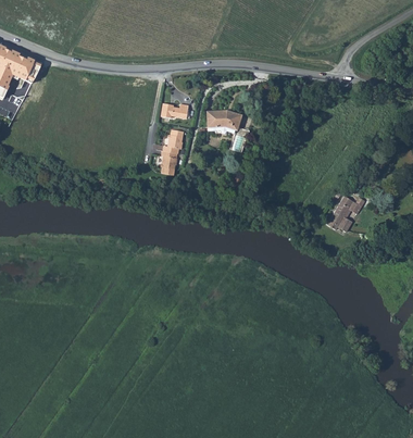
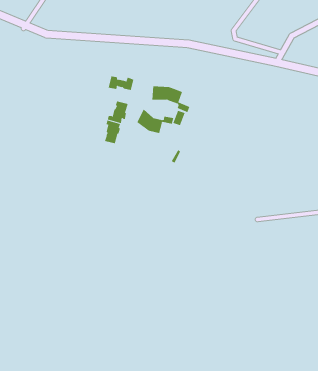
building: none -> [136,109,174,134]
building: [327,195,365,230] -> none

